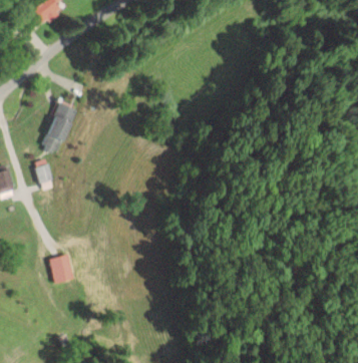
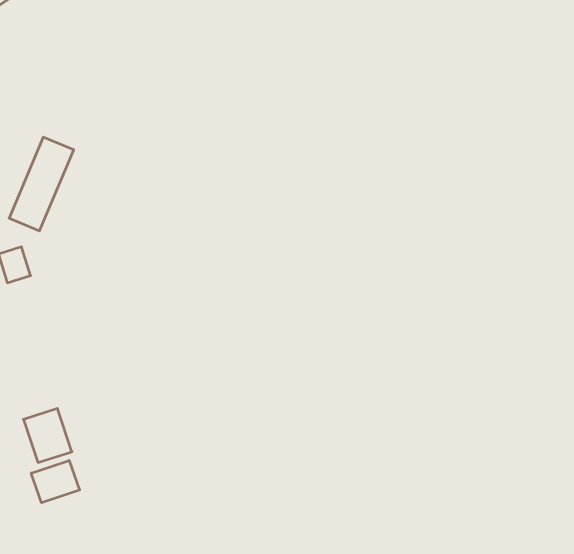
building: none -> [31,460,80,503]

